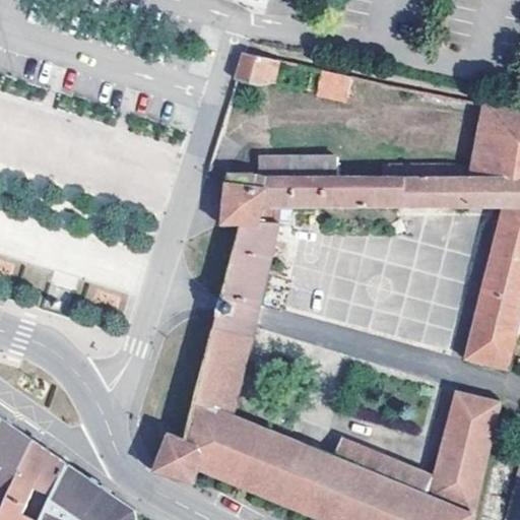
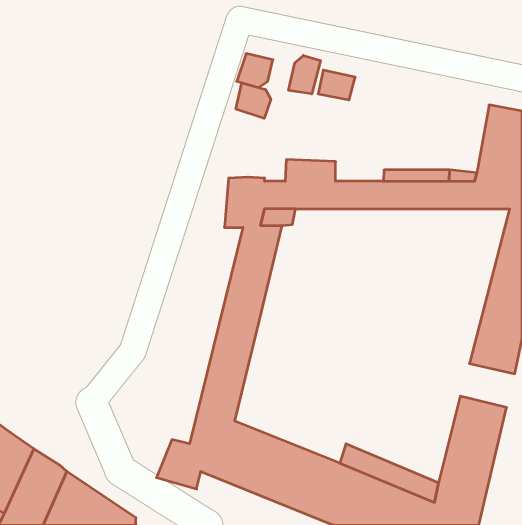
building: none -> [289,55,321,94]
building: none -> [236,83,271,118]

